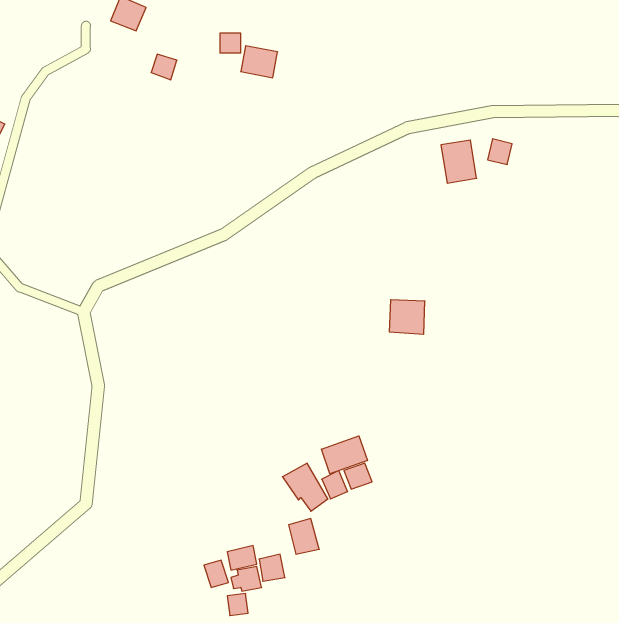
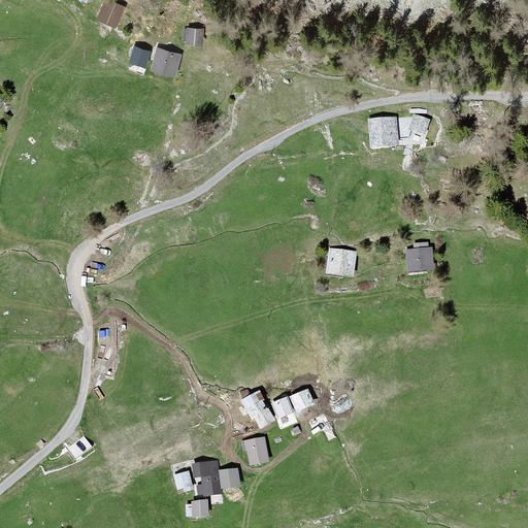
building: [241,46,278,78] -> [150,48,180,75]
building: none -> [406,250,435,277]
building: [321,436,367,474] -> none

